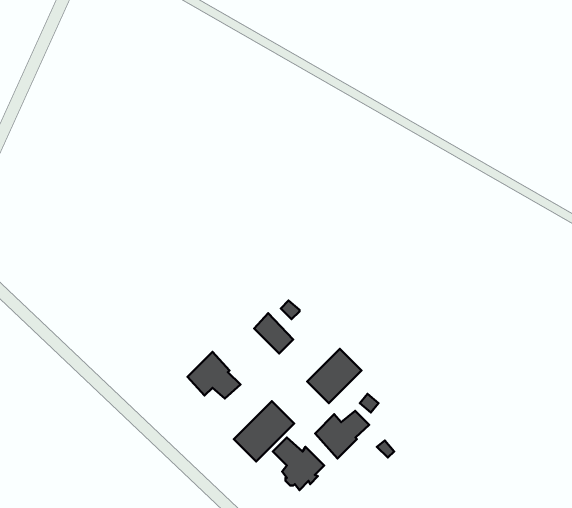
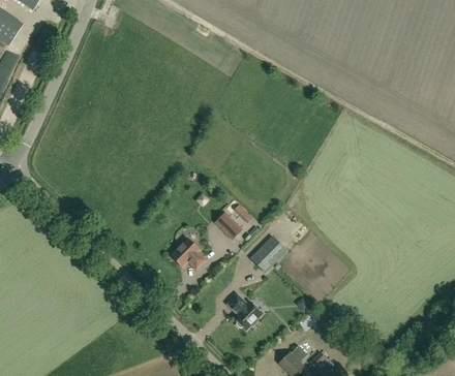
building: [234,401,294,461] -> none
building: [315,411,369,458] -> none

